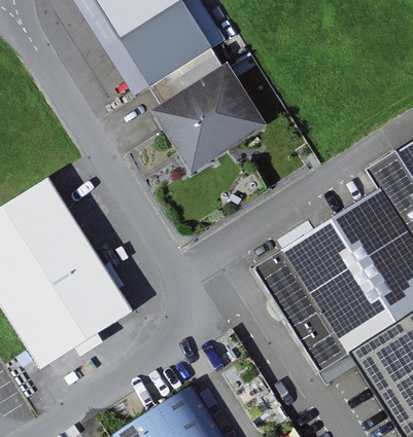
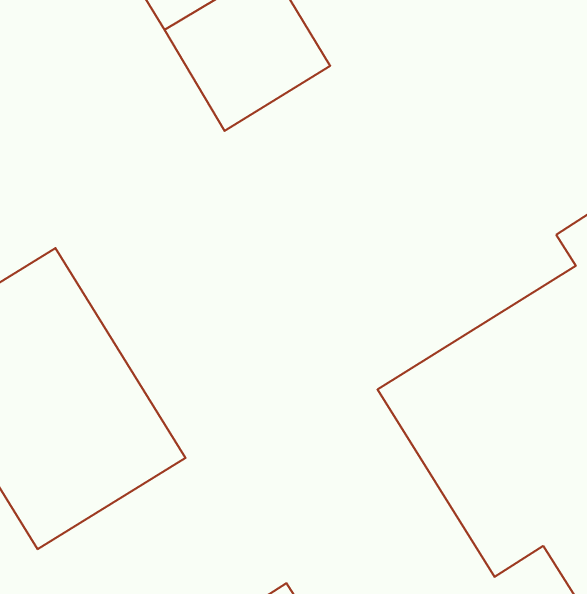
building: [148,60,272,179] -> none

